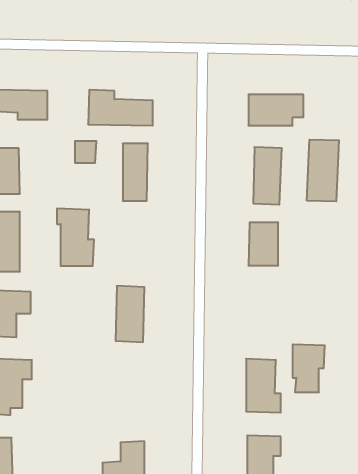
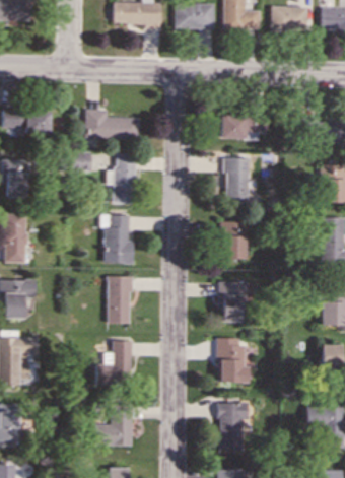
building: [307,140,339,201] -> none
building: [57,209,94,266] -> [102,214,134,263]
building: [293,344,325,392] -> [219,281,247,322]
building: none -> [96,341,132,384]

